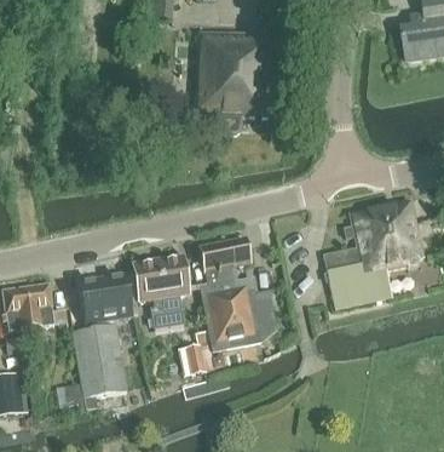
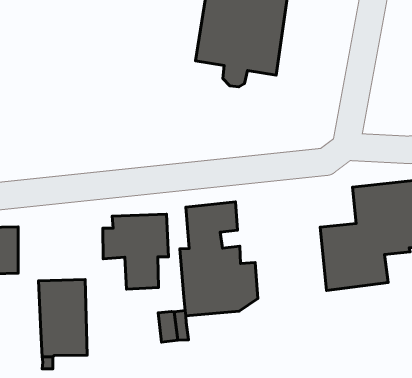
building: [76,274,132,324] -> none

